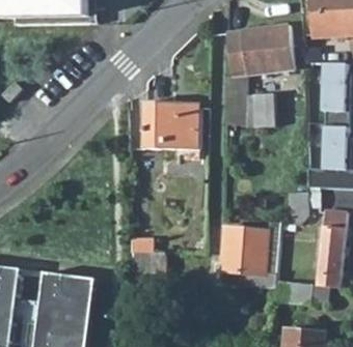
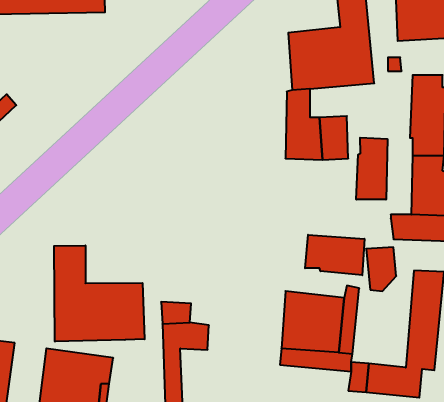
building: [145,102,201,149] -> none
building: none -> [356,138,387,200]
building: none -> [305,235,364,275]
building: none -> [54,245,145,342]

